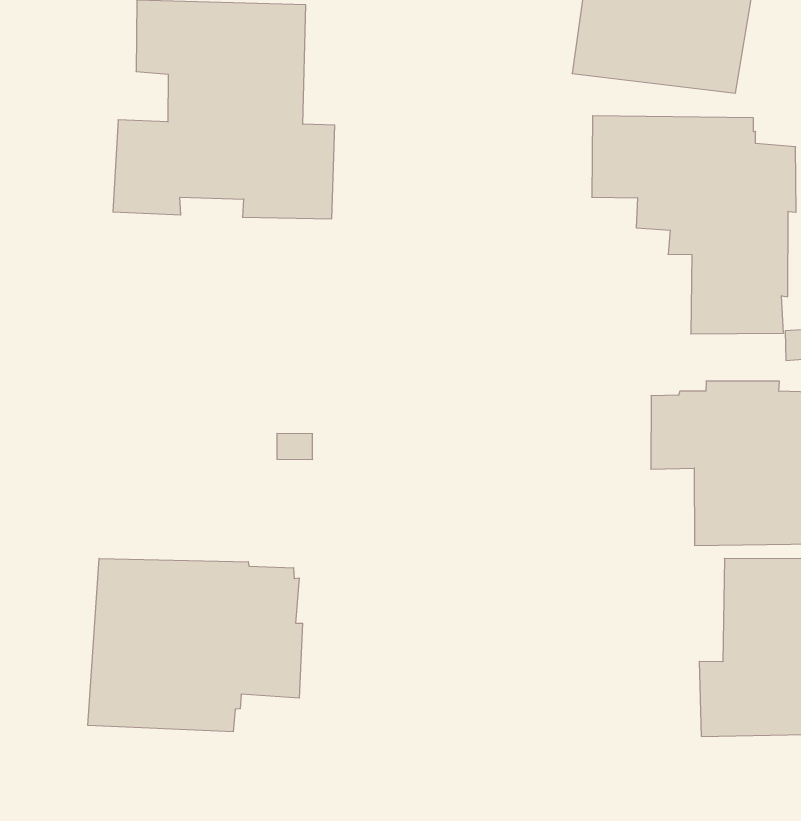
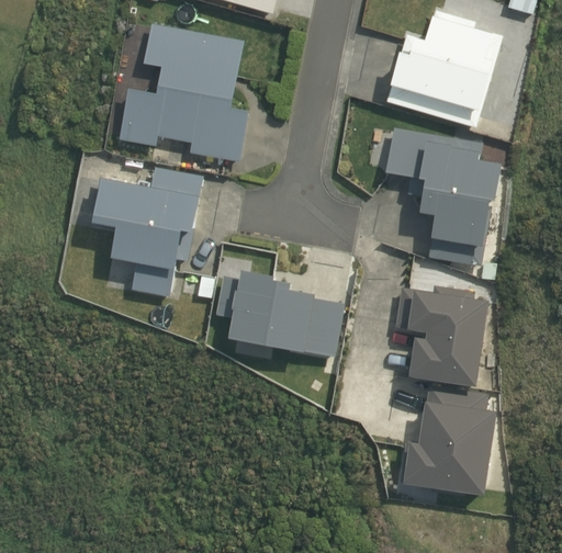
building: none -> [88,168,201,297]
building: none -> [214,269,342,357]
building: [88,558,303,732] -> none

